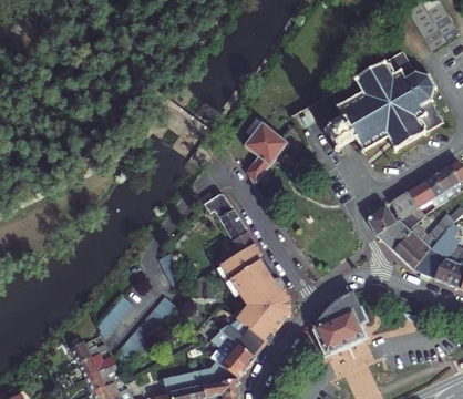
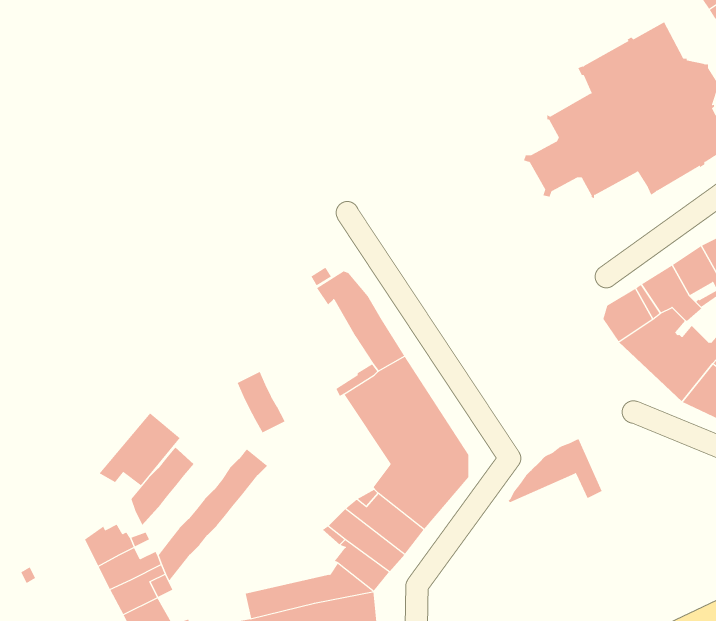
building: [244,117,288,185] -> none
building: none -> [99,412,180,486]
building: [315,310,364,354] -> none

